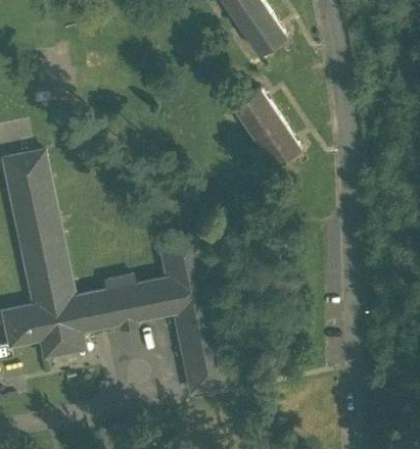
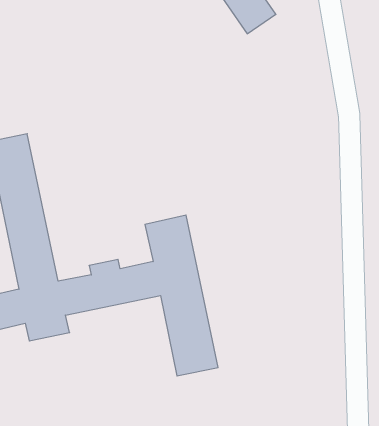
building: [231,86,295,159] -> none

